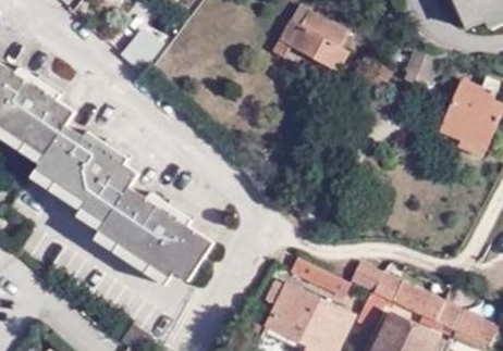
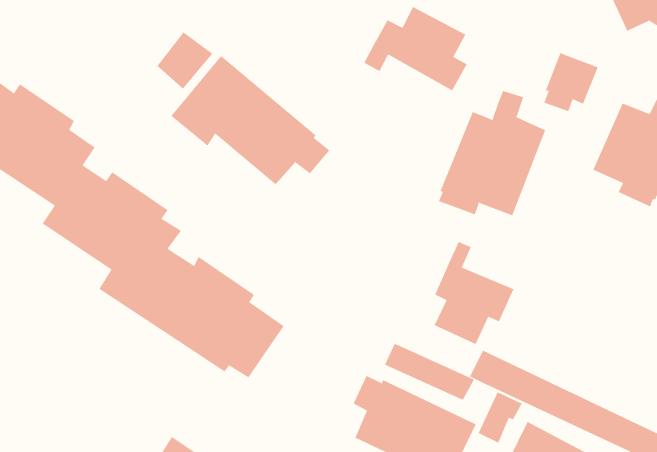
building: none -> [170,55,330,185]
building: none -> [438,90,546,216]
building: none -> [434,241,514,345]

